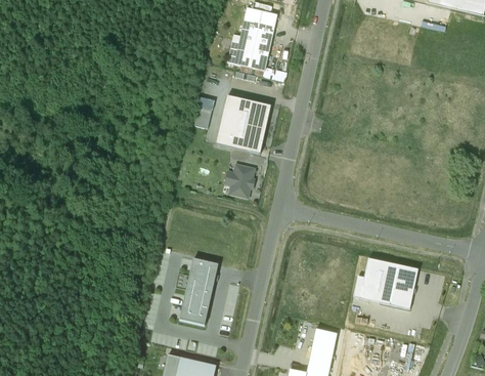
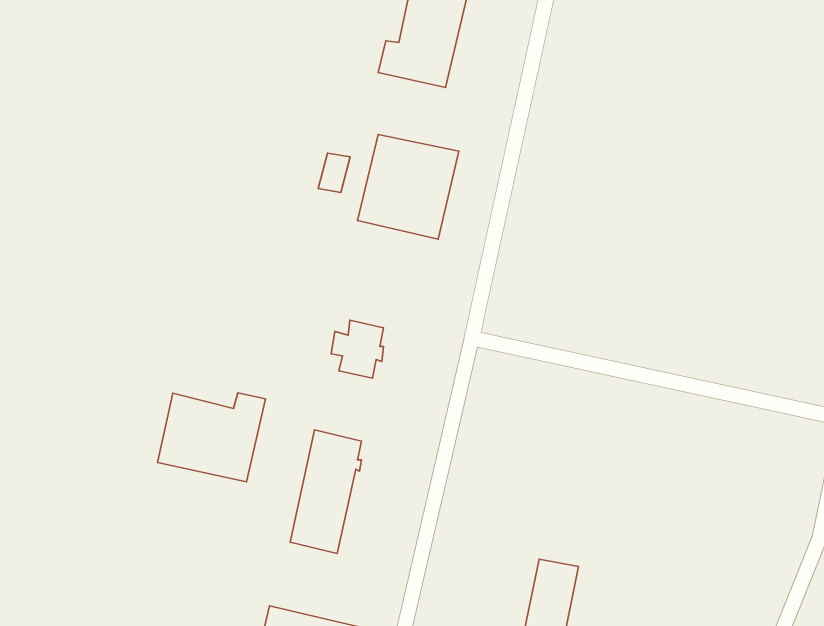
building: [225,164,254,196] -> [331,320,384,378]
building: none -> [158,393,265,482]
building: [353,257,418,308] -> none

